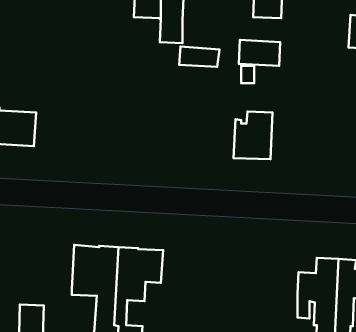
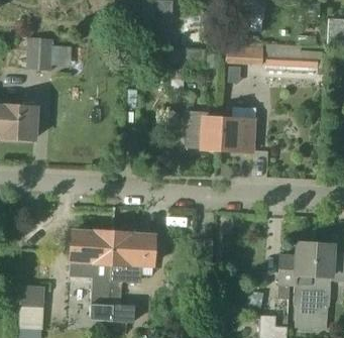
building: none -> [25,36,53,70]
building: none -> [266,42,319,68]
building: none -> [186,111,222,149]

